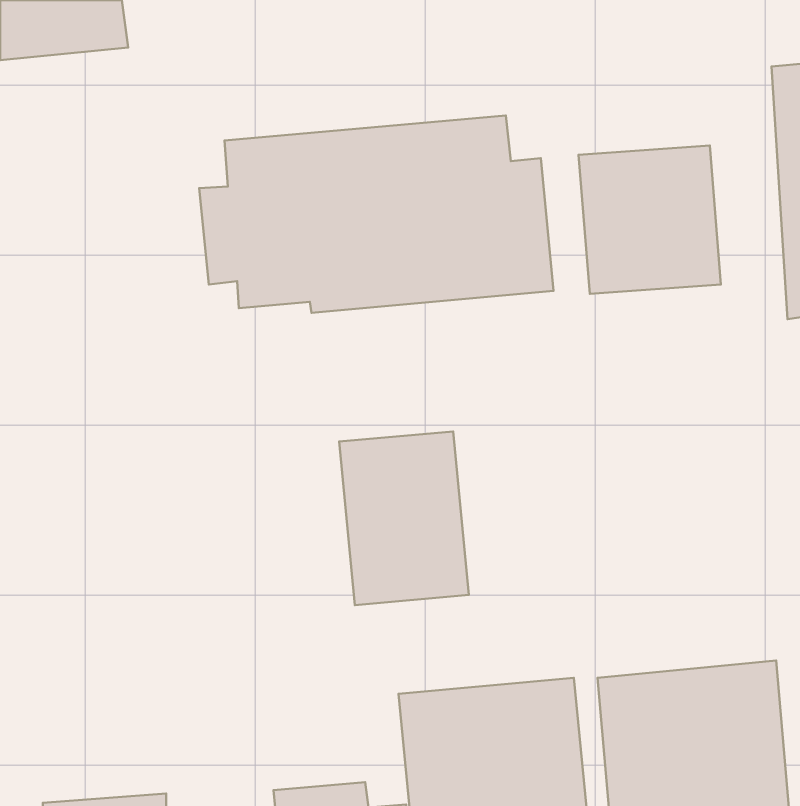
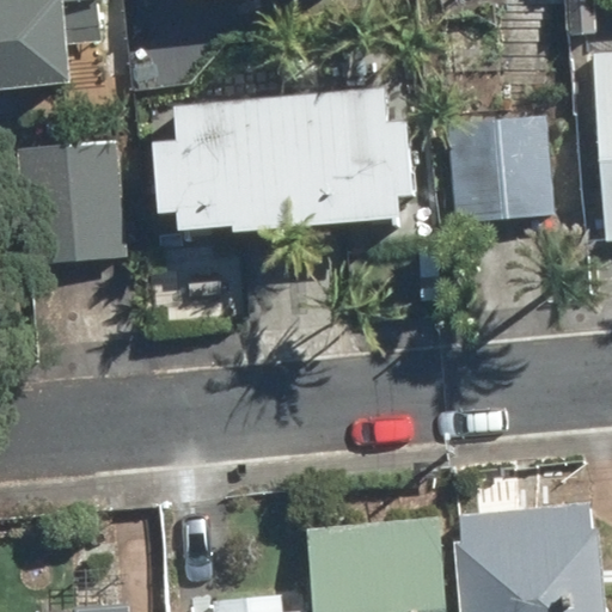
building: none -> [16,140,126,268]
building: [339,431,469,605] -> none

